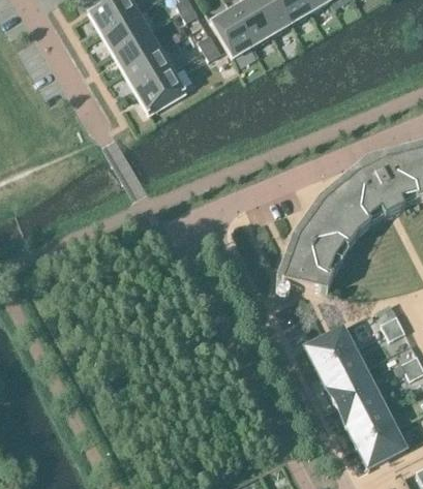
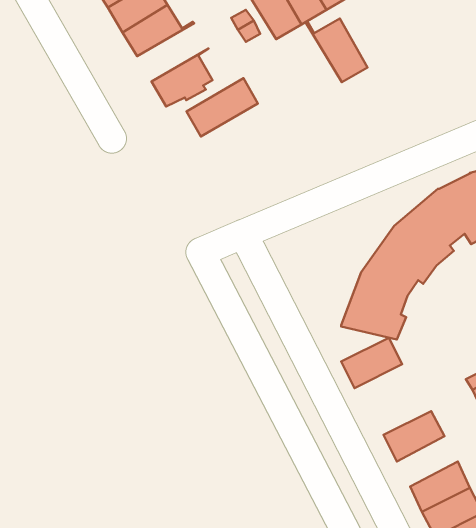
building: none -> [306,19,367,82]
building: [124,45,180,91] -> [186,78,258,137]
building: [306,328,354,367] -> [341,338,402,388]
building: [327,368,374,407] -> none

